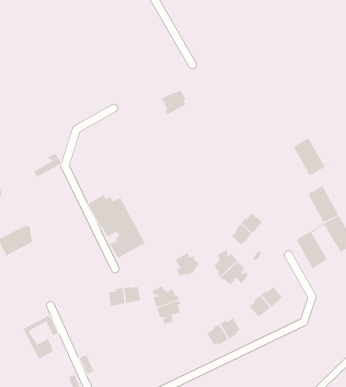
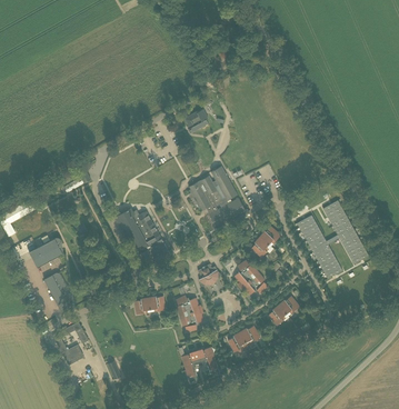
building: [293,137,332,176] -> [297,215,333,251]
building: none -> [189,166,247,228]
building: none -> [44,272,70,311]
building: none -> [181,347,218,377]

